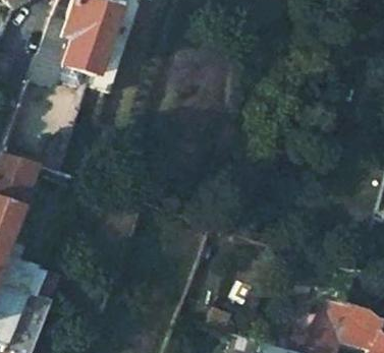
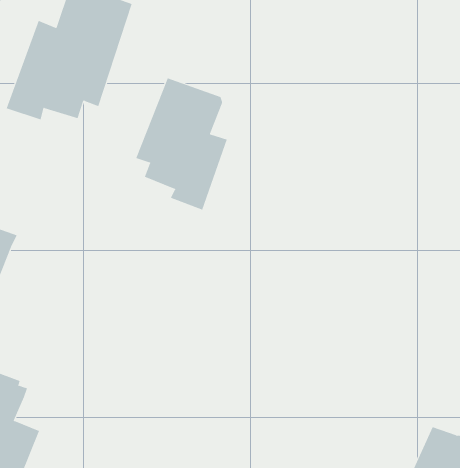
building: none -> [136,78,228,210]

